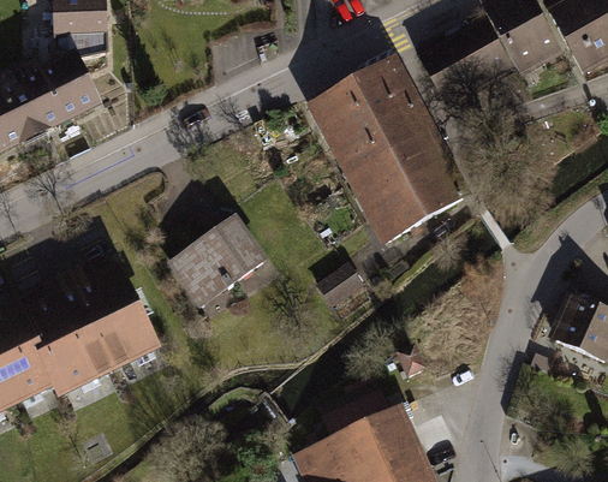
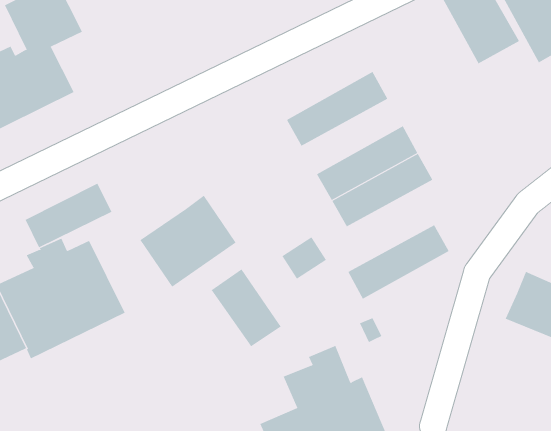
building: [418,17,512,109] -> none
building: [306,58,412,136] -> none
building: [338,114,443,192] -> [348,224,449,300]
building: none -> [25,183,112,248]
building: none -> [211,268,281,347]

